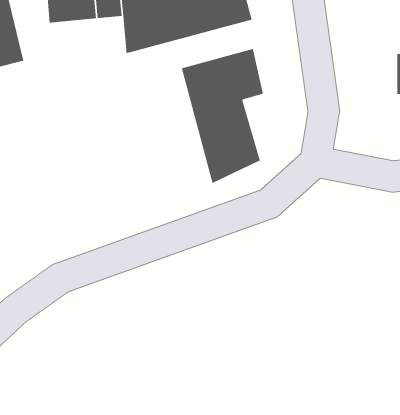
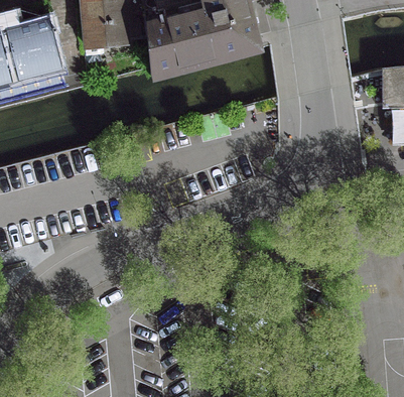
building: [181,48,264,184] -> none

